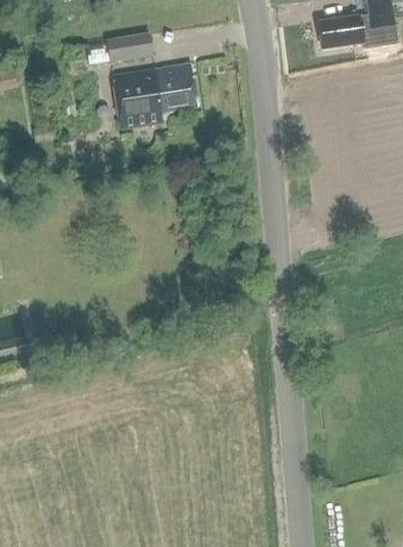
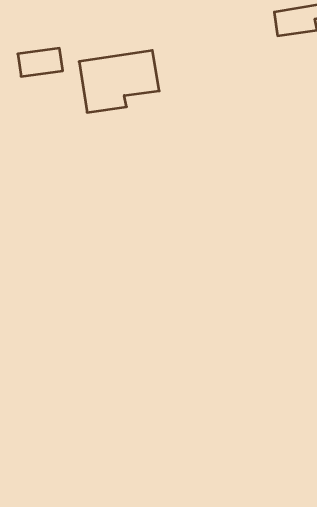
building: [107,31,155,61] -> [18,48,63,76]

